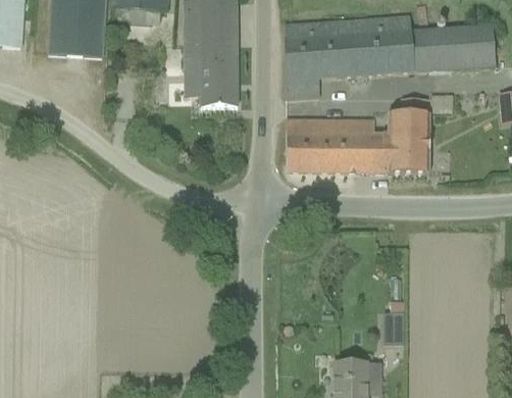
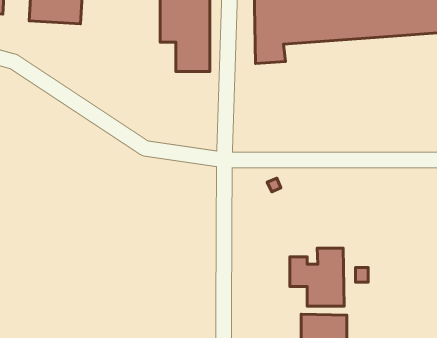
building: [286,101,429,173] -> none
building: none -> [290,248,344,306]

